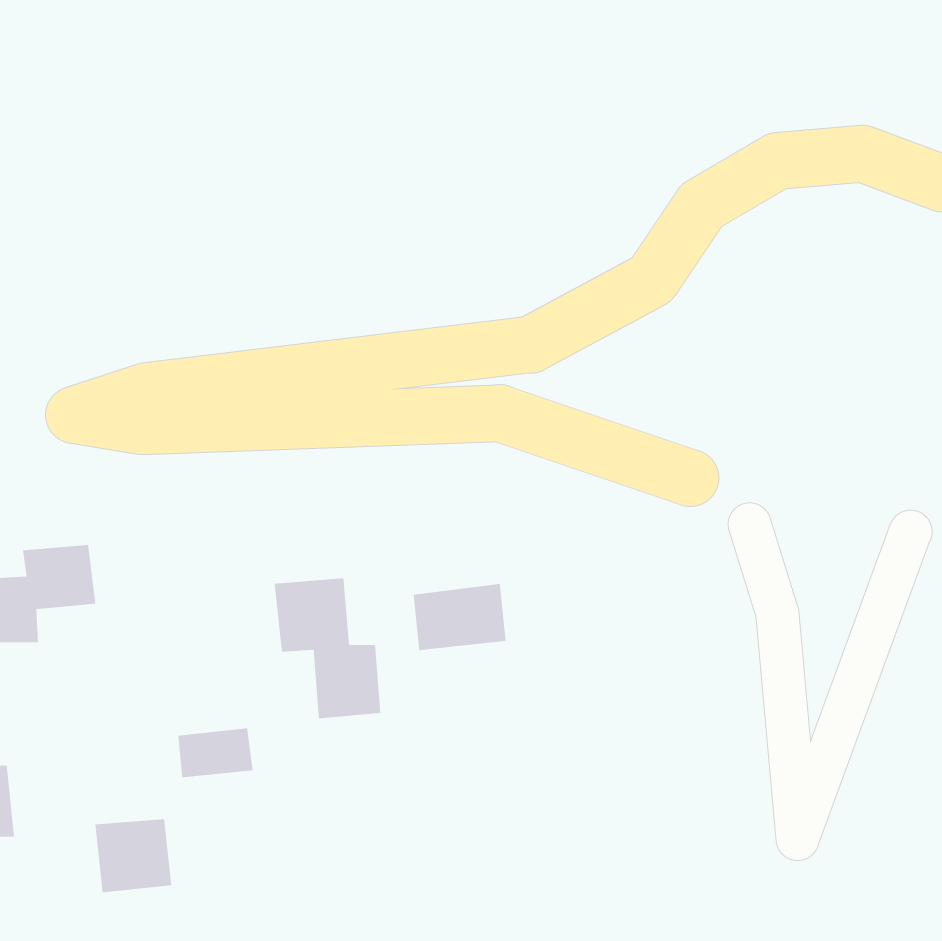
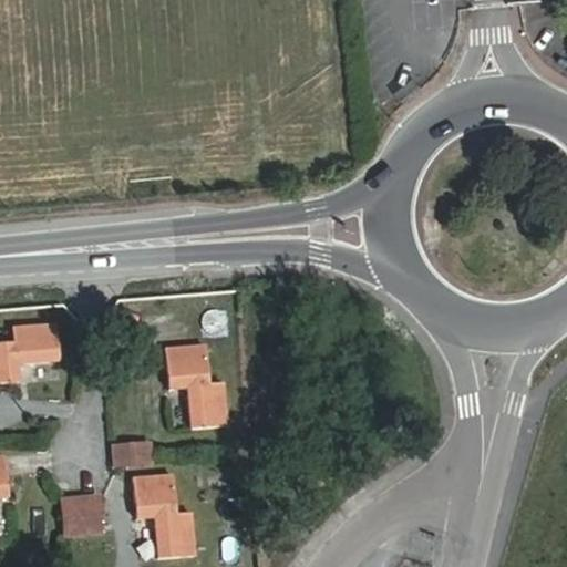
building: [413,583,506,651] -> none
building: none -> [133,473,196,558]

